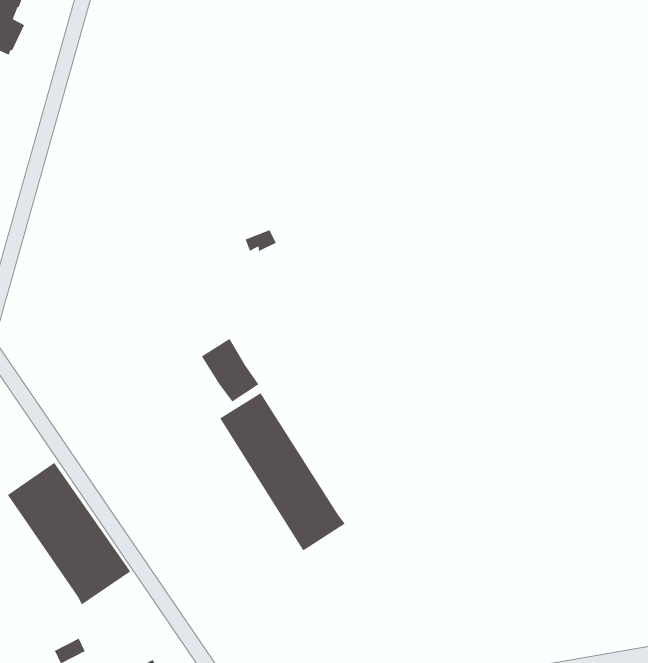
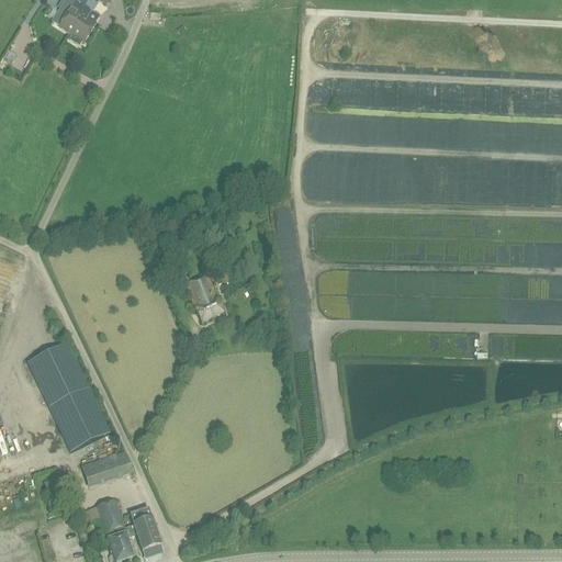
building: [219,392,346,551] -> none
building: none -> [81,449,134,486]

